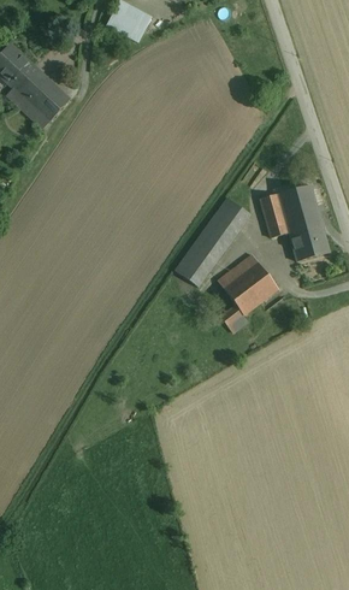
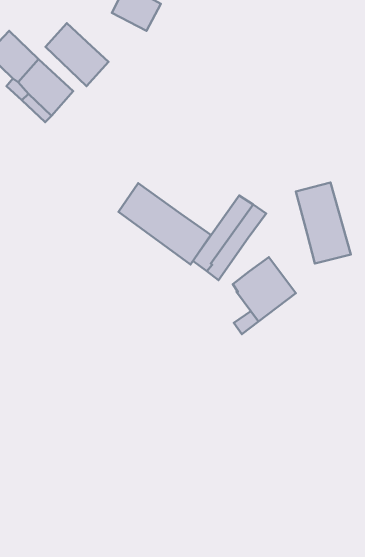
building: none -> [45,23,109,86]
building: none -> [118,183,211,265]
building: [260,193,289,237] -> none

